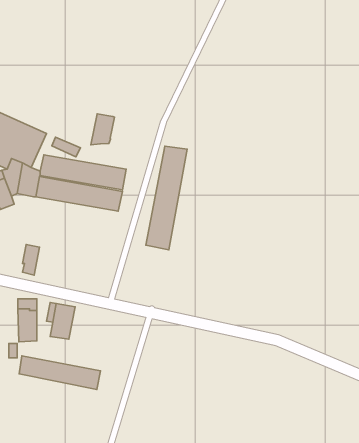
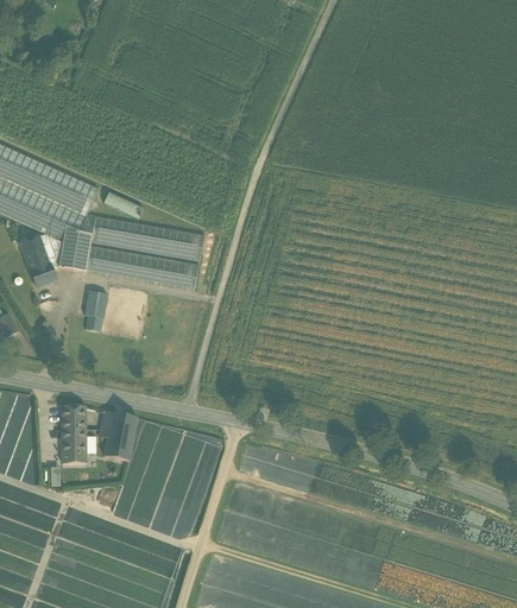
building: [91,114,114,145] -> none
building: [146,146,187,250] -> none
building: [23,245,40,275] -> [83,289,106,329]
building: [19,356,101,389] -> none

